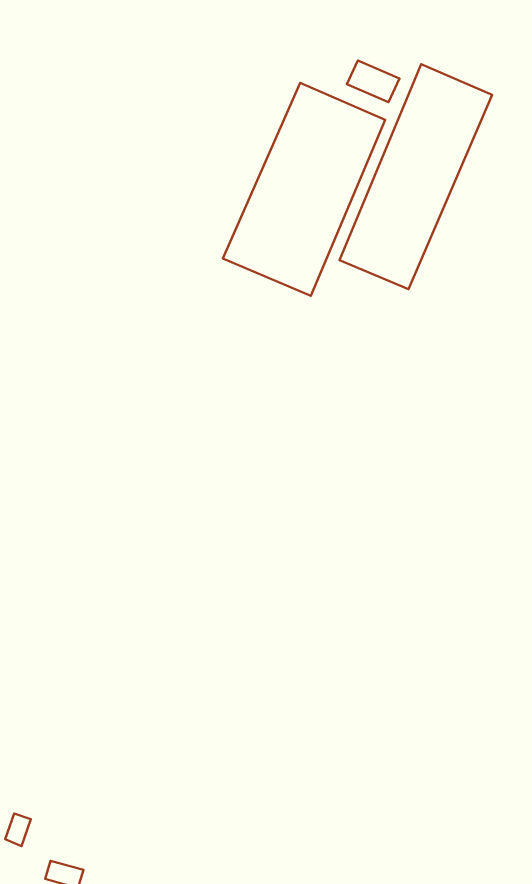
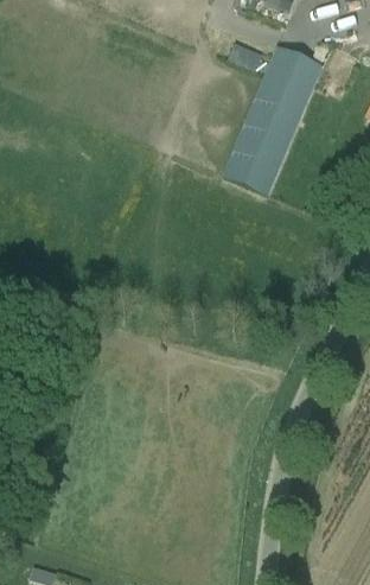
building: [223,83,385,296] -> none

